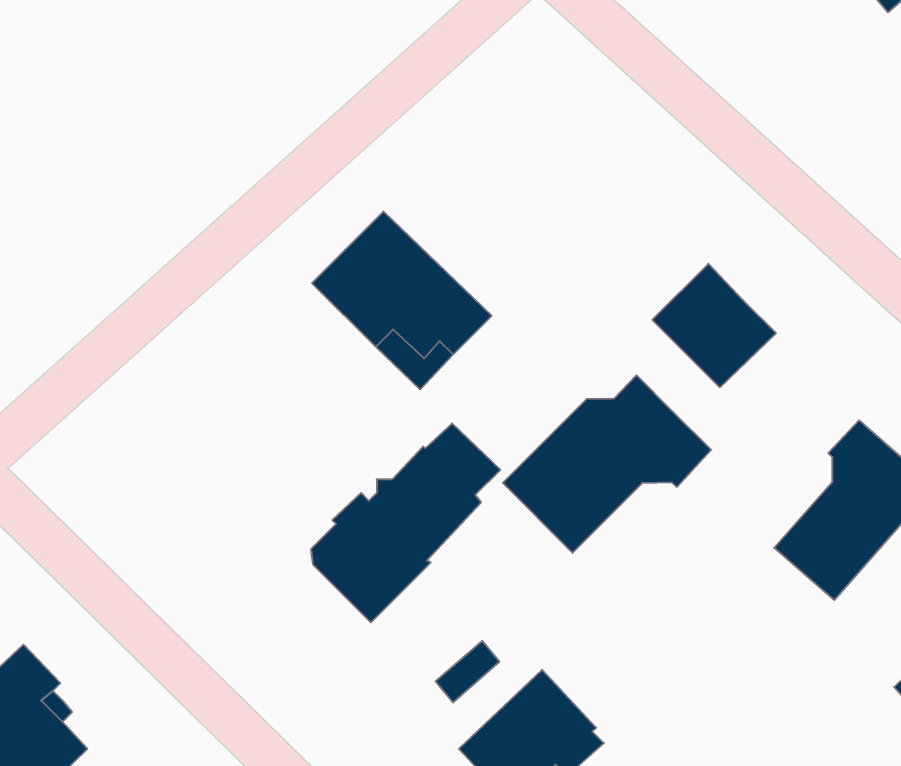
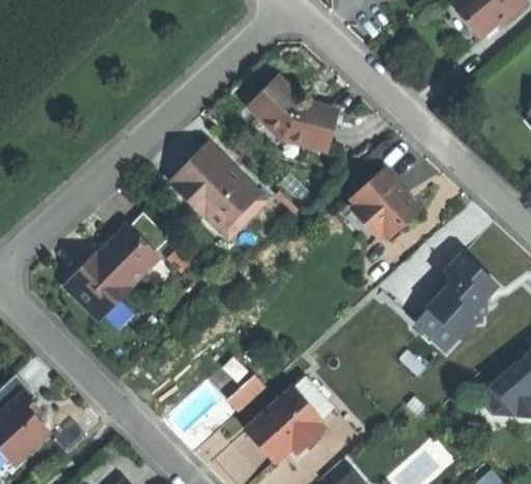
building: none -> [249,79,333,149]
building: [503,375,711,553] -> none
building: [311,423,500,622] -> [66,213,168,320]

